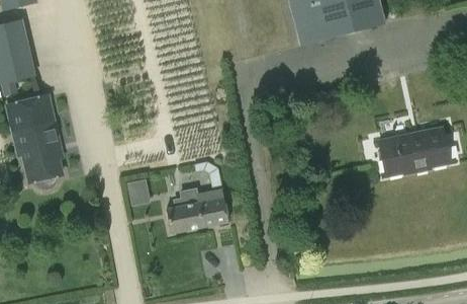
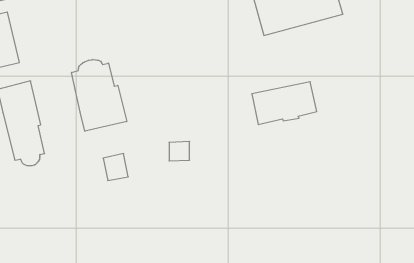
building: none -> [72,59,127,131]
building: [379,128,450,174] -> [252,82,317,125]
building: [167,188,228,232] -> none

